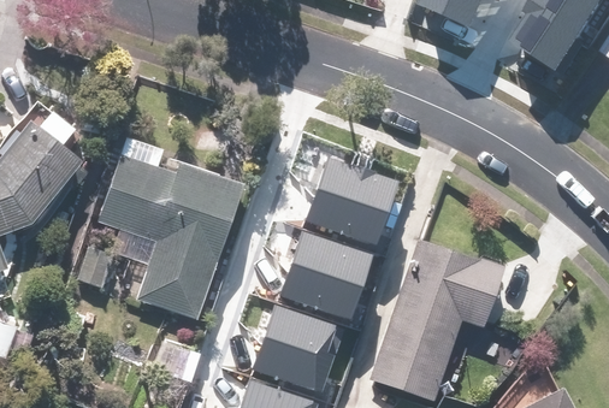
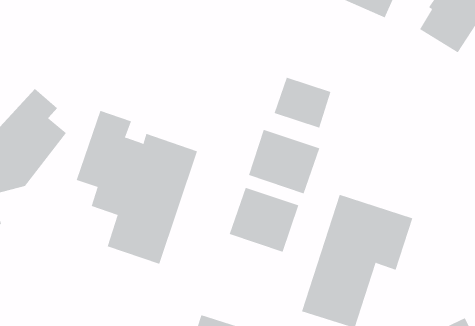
building: none -> [274,77,331,129]
building: [254,304,339,382] -> none

